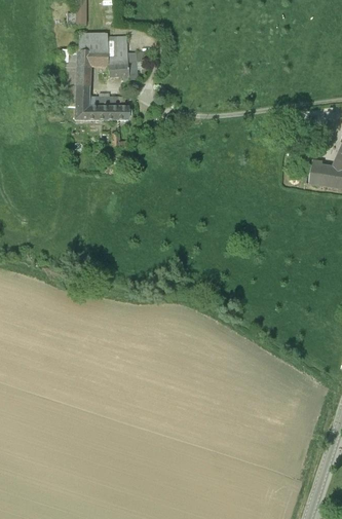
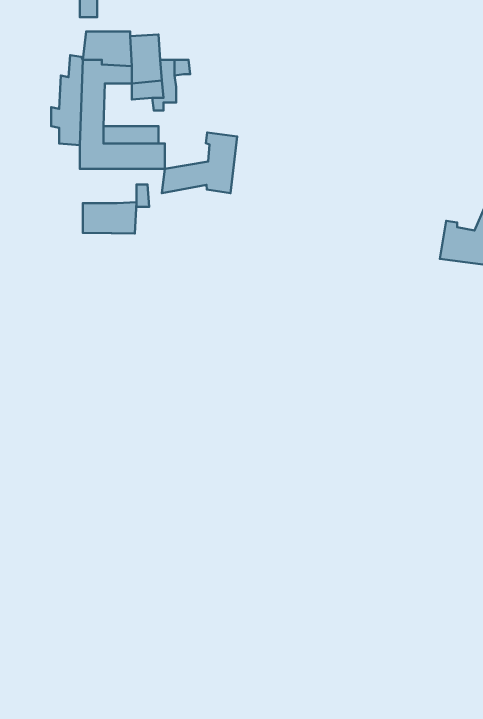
building: none -> [162,133,237,193]
building: none -> [83,202,137,234]

